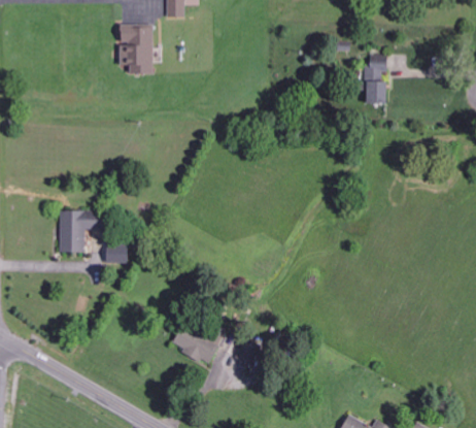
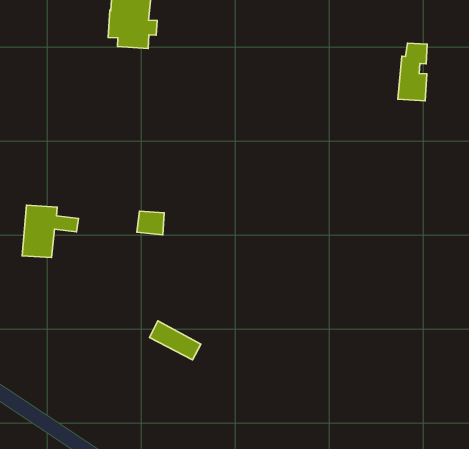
building: [106,244,128,263] -> [137,211,164,235]
building: [171,331,214,362] -> [149,321,201,360]

